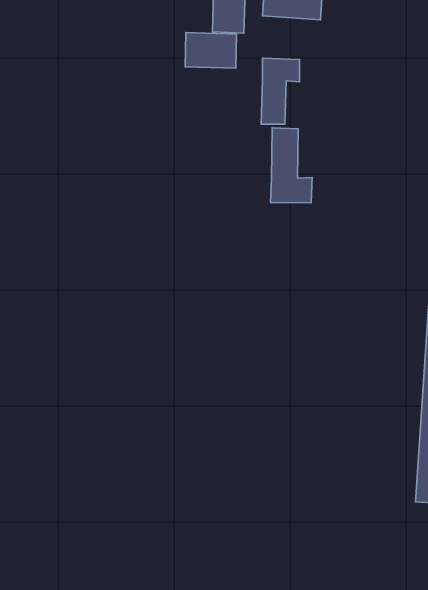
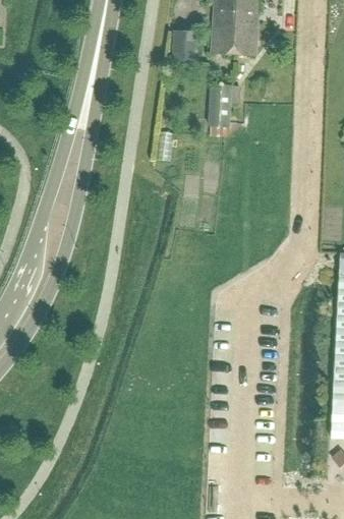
building: [185,33,236,68] -> none
building: [271,128,312,203] -> none

